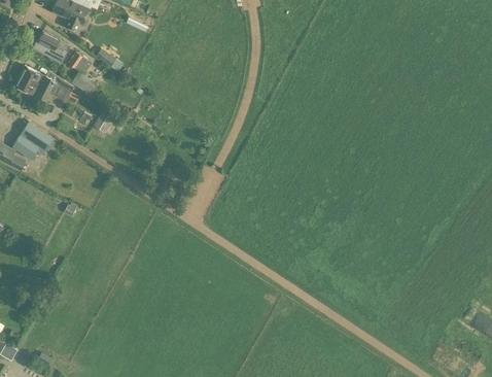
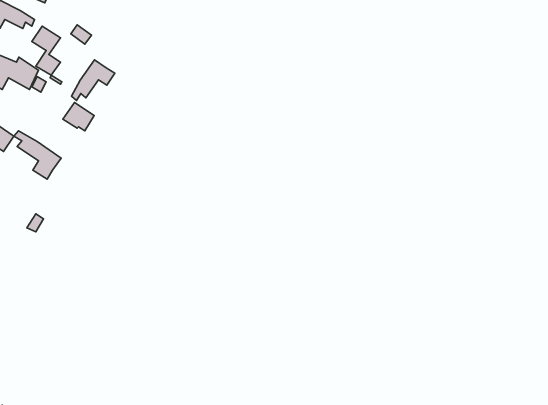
building: none -> [71,60,115,100]
building: none -> [14,131,61,179]

